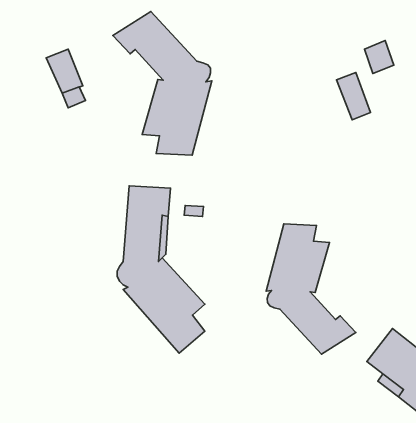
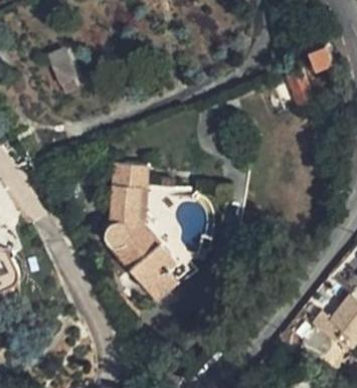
building: [113,12,212,155] -> none
building: [266,224,356,354] -> none

